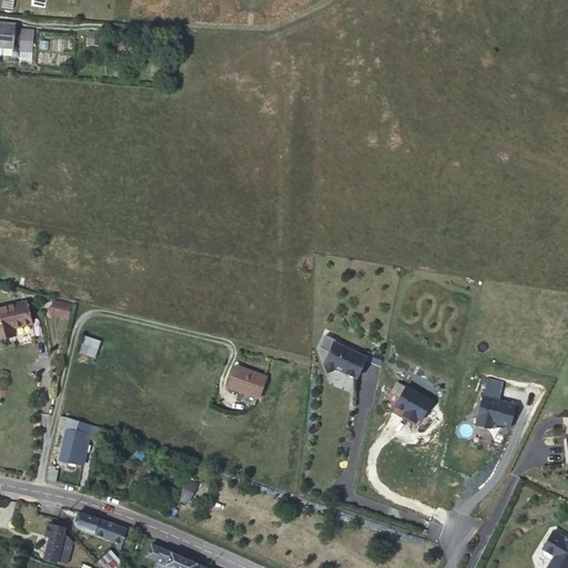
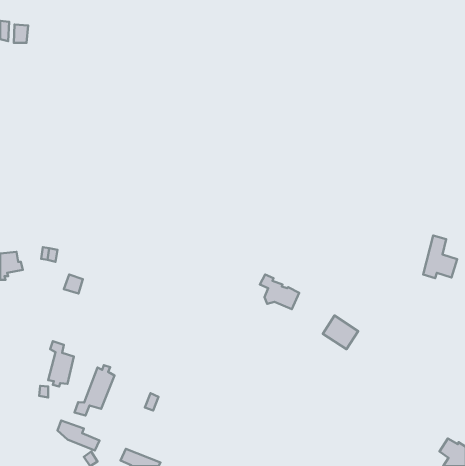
building: [229,365,270,398] -> none
building: [477,377,518,429] -> [423,235,457,278]
building: none -> [75,365,115,415]
building: [45,524,72,561] -> none

